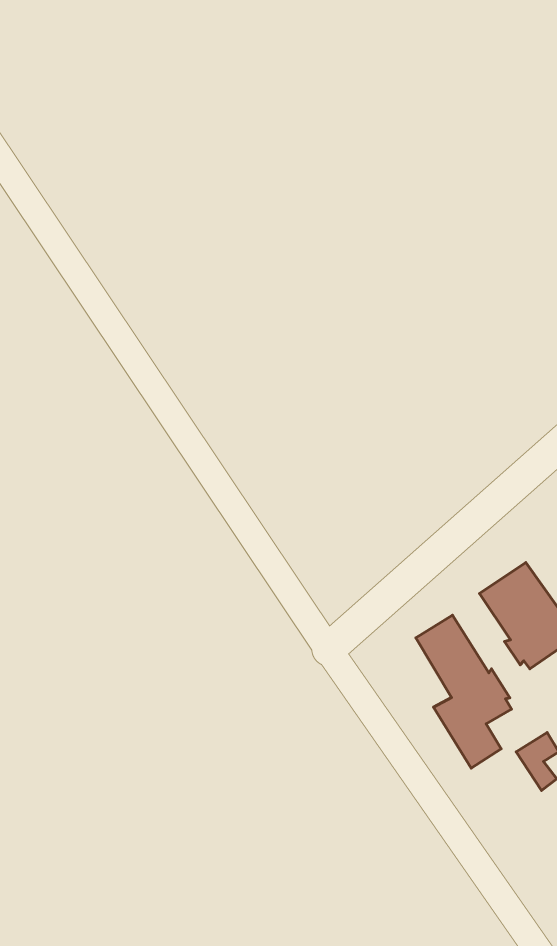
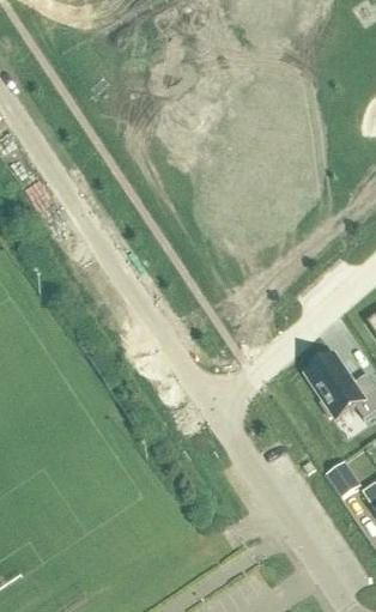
building: [416,615,511,768] -> none

